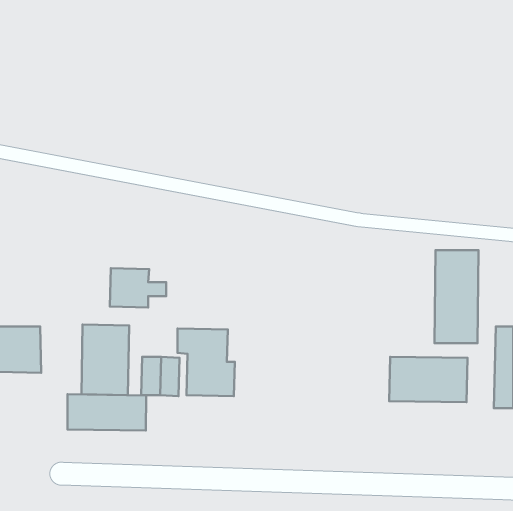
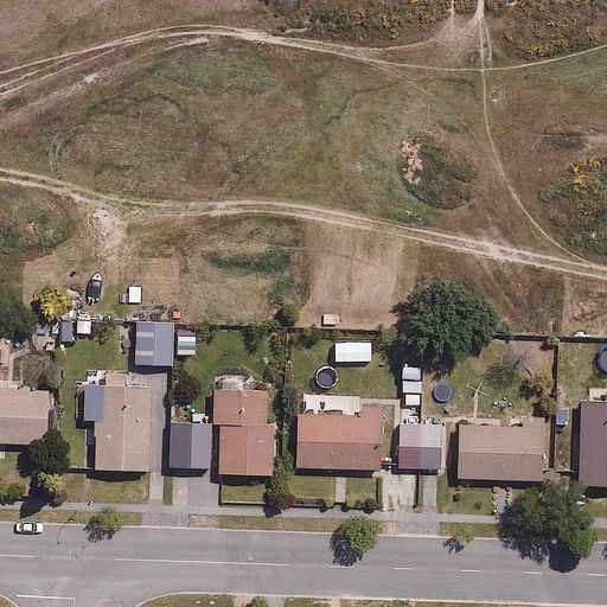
building: [434,250,479,343] -> none
building: none -> [296,400,441,471]
building: [67,394,146,431] -> none

